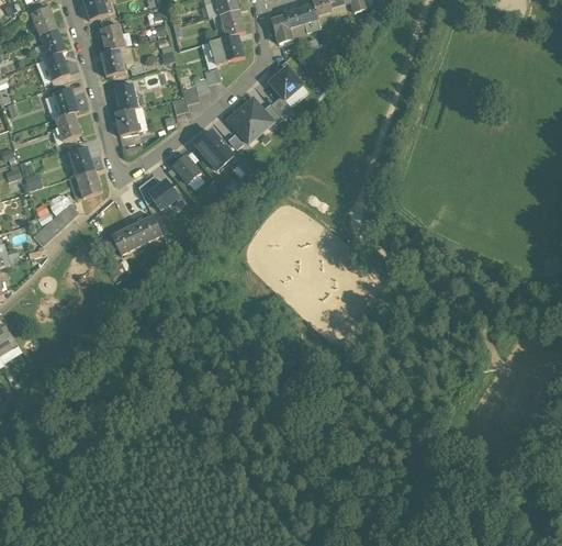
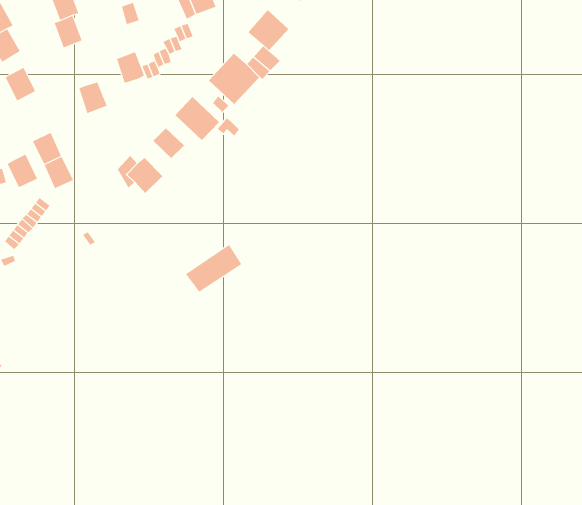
building: [114,85,137,111] -> [116,51,145,83]
building: [54,112,79,141] -> [7,154,38,188]
building: [111,215,161,254] -> [185,244,242,293]

